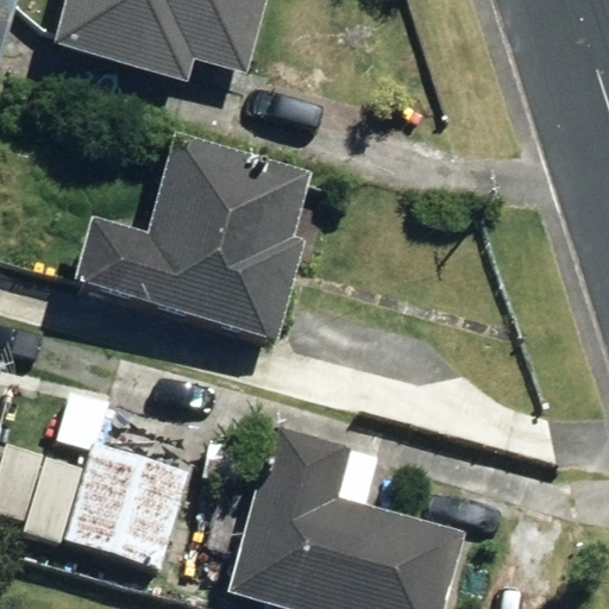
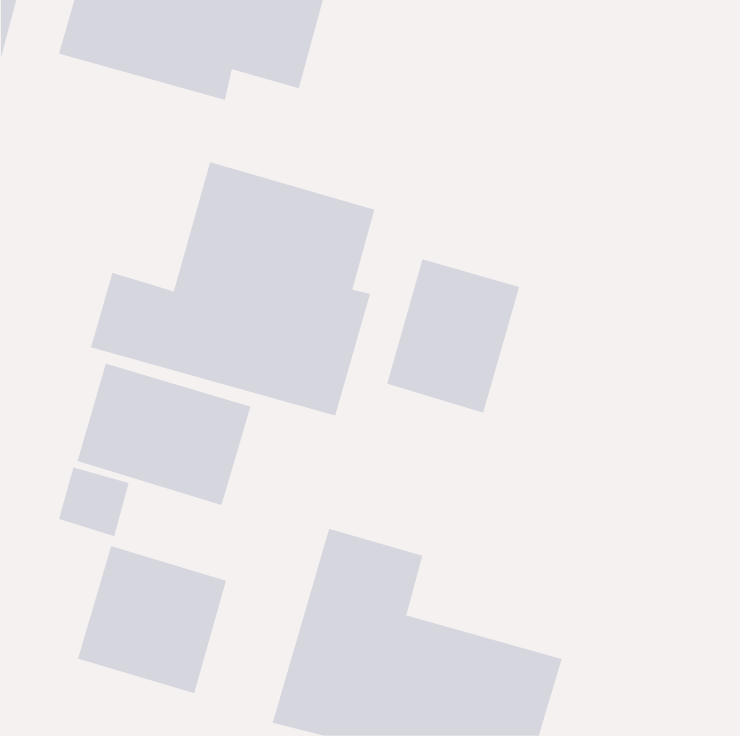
building: none -> [387,258,520,414]
building: none -> [77,363,251,506]

